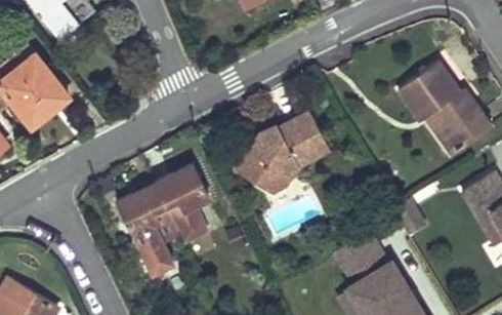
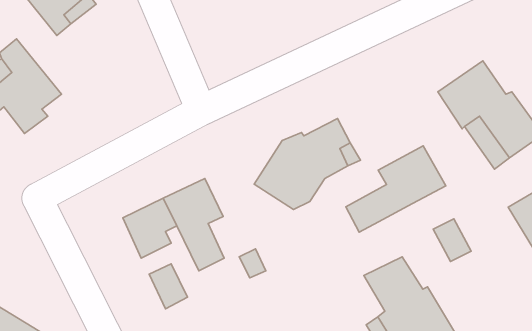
building: none -> [346,146,446,232]
building: [135,207,179,250] -> none

